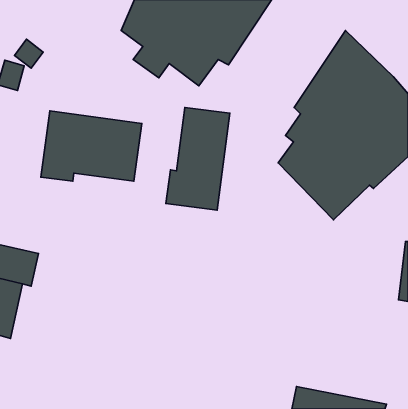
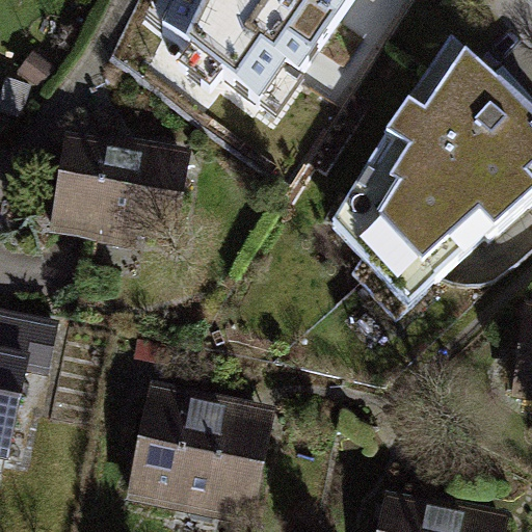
building: [166,108,230,210] -> none
building: none -> [127,397,267,507]

